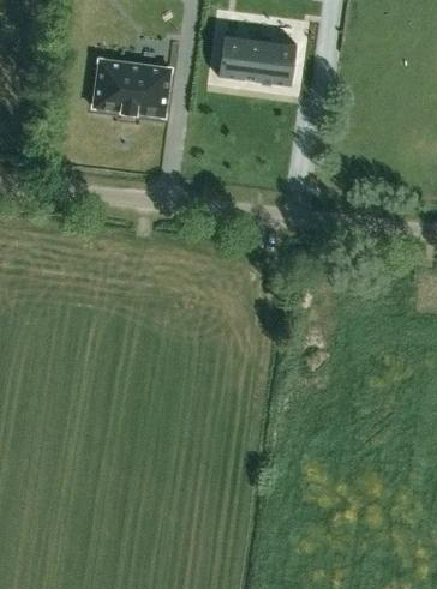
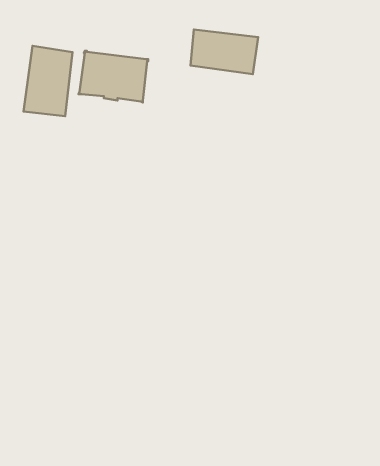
building: none -> [24,46,73,116]

